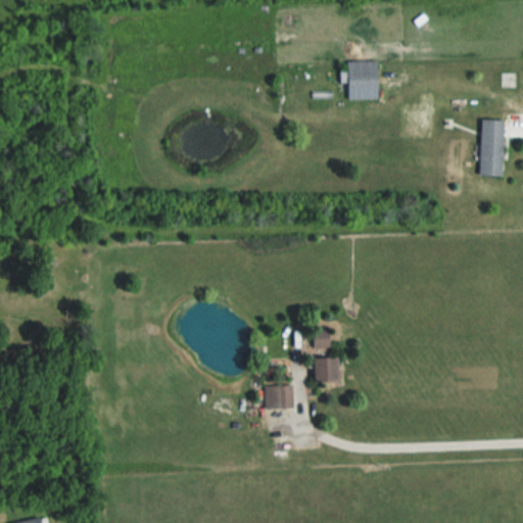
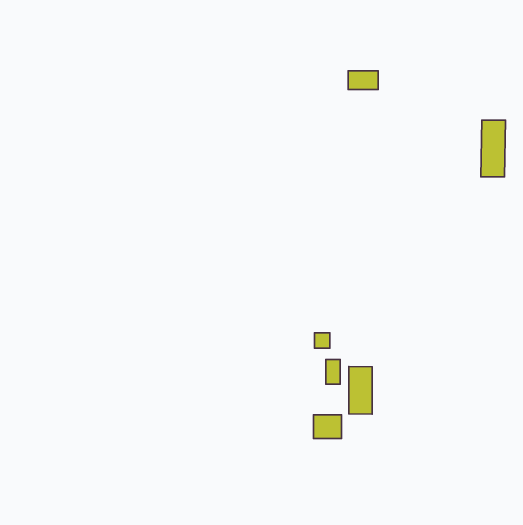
building: none -> [349,366,372,414]
building: [266,385,293,409] -> [314,415,341,438]

